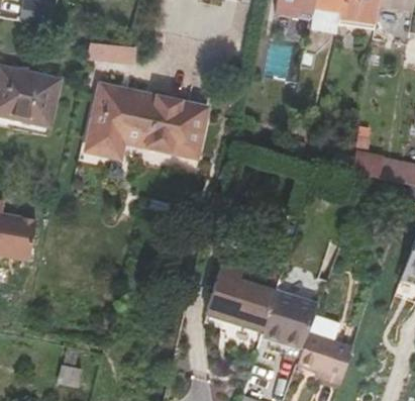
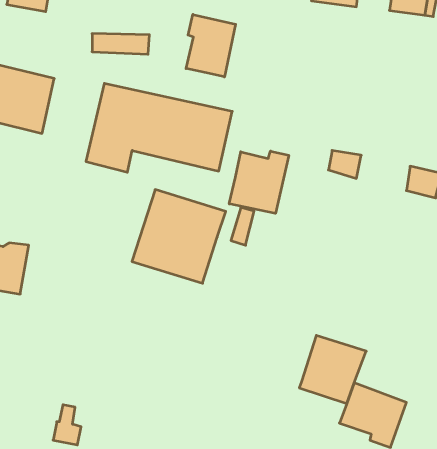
building: none -> [186,14,236,77]
building: none -> [229,151,289,213]
building: [206,254,284,331] -> [132,190,226,283]

